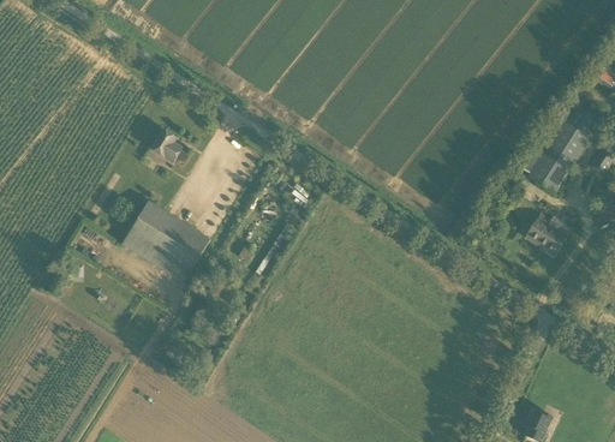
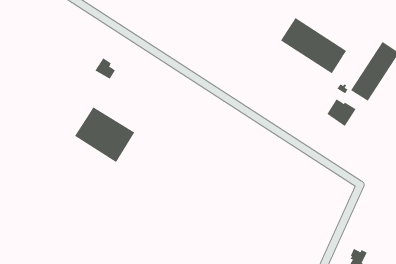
building: none -> [280,17,347,74]
building: [527,213,572,255] -> [326,98,357,127]

